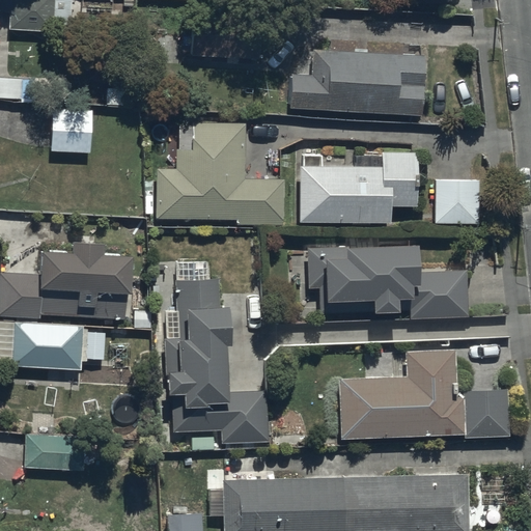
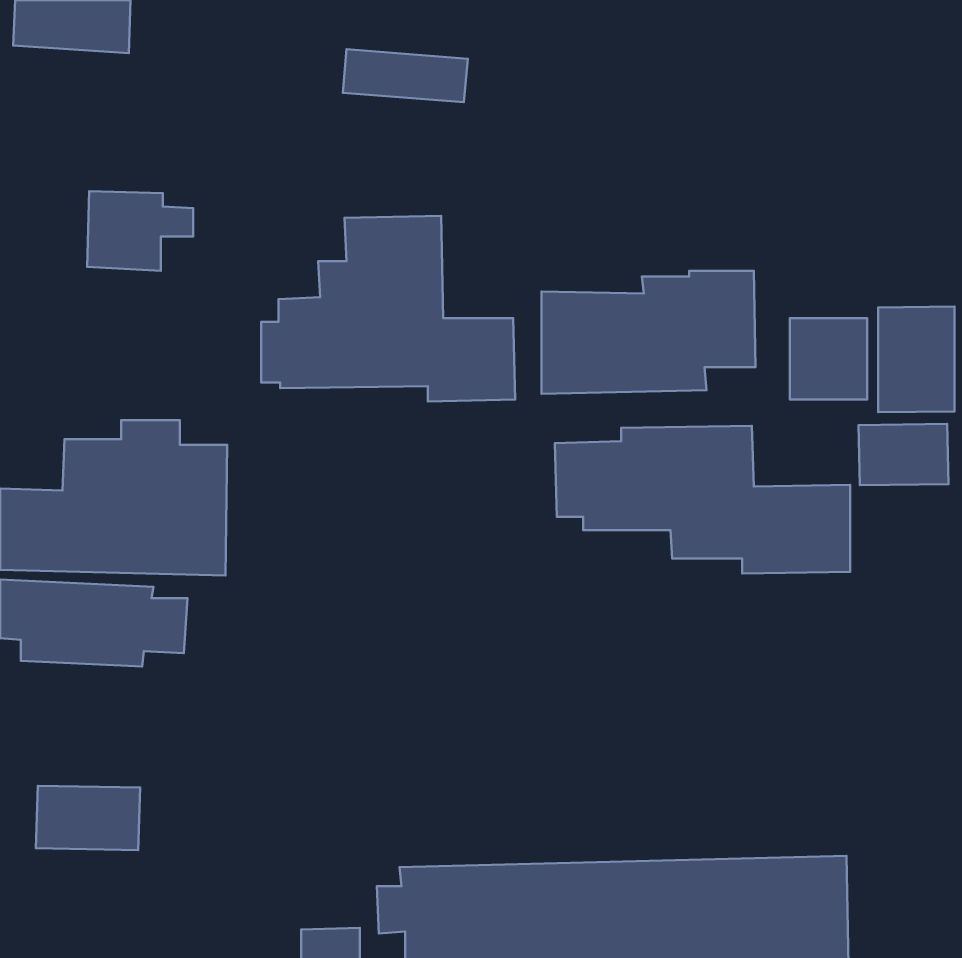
building: [289,48,426,114] -> none
building: none -> [878,307,954,412]
building: none -> [858,424,949,485]
building: [166,262,269,444] -> none
building: [339,347,509,440] -> none

